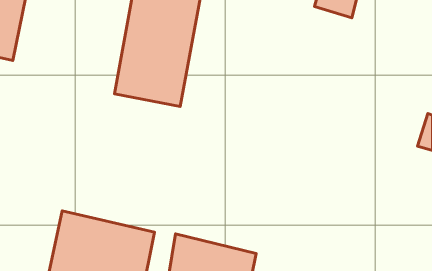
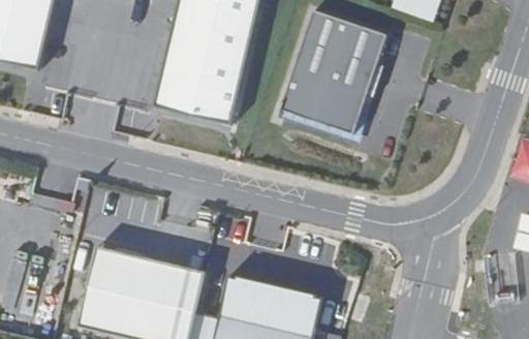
building: none -> [280,9,392,137]

